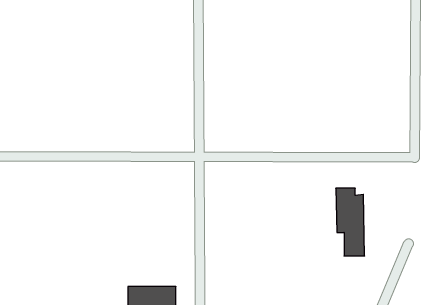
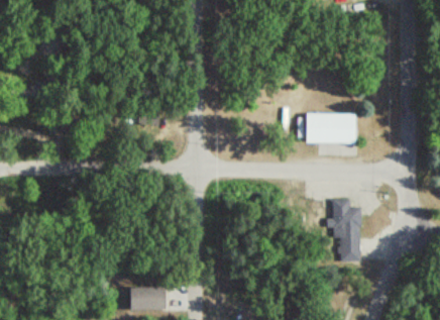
building: none -> [307,109,357,140]

